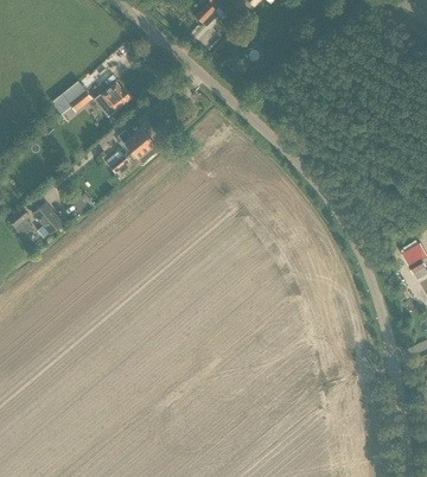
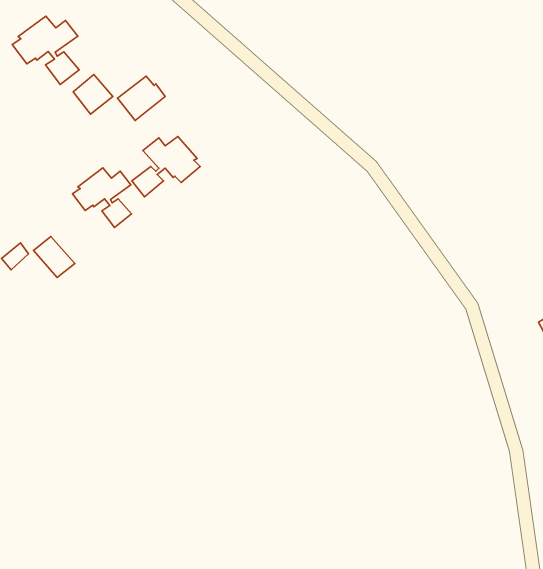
building: none -> [12,16,79,85]
building: none -> [72,168,131,227]

